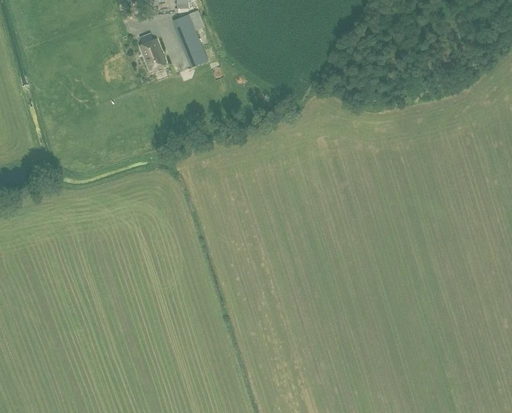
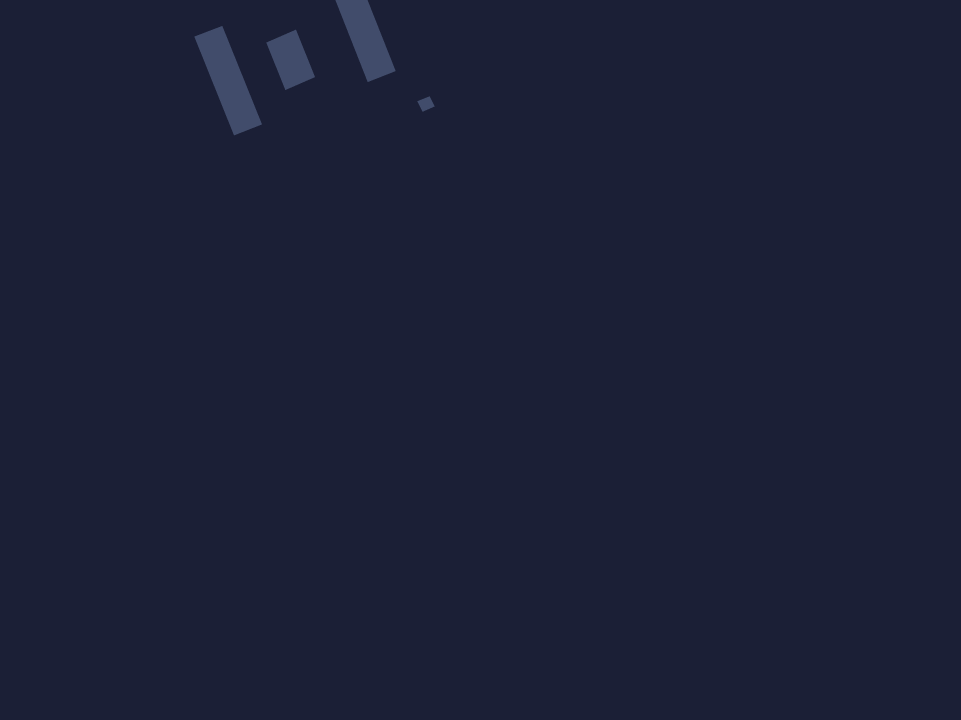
building: none -> [193,25,263,136]

